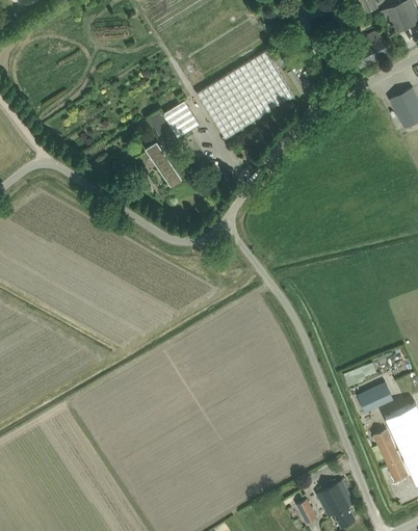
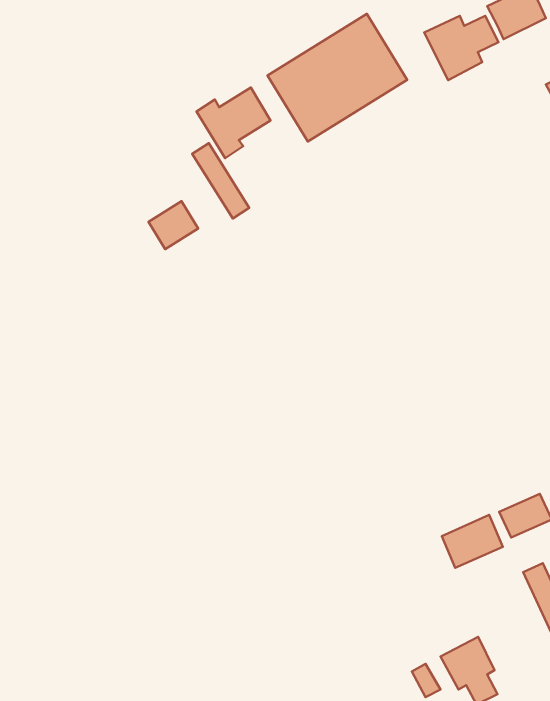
building: none -> [424,16,499,80]
building: none -> [149,201,198,249]
building: none -> [442,515,503,568]

